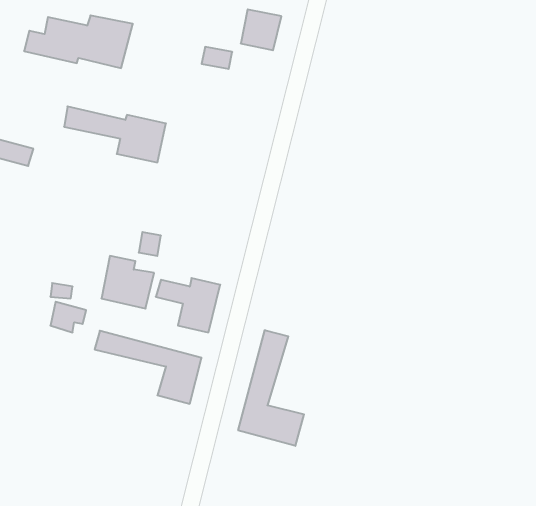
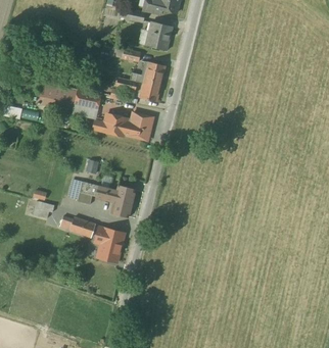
building: [24,15,133,68] -> [91,110,156,142]
building: none -> [138,62,166,103]
building: [238,330,304,446] -> none

